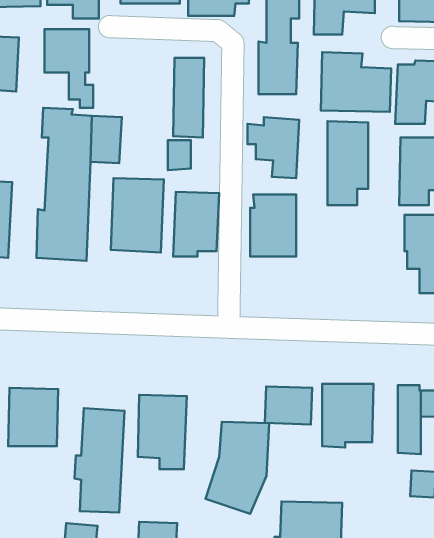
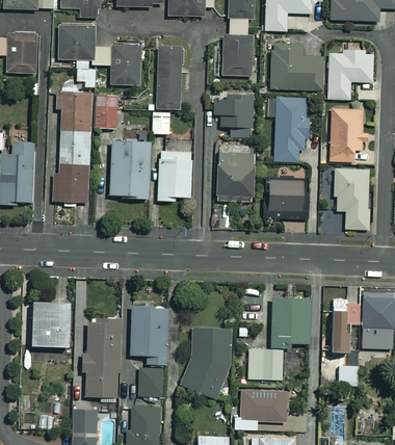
building: none -> [93,45,140,85]
building: none -> [266,180,304,217]
building: [265,386,312,424] -> [247,349,284,378]
building: none -> [139,368,162,396]

